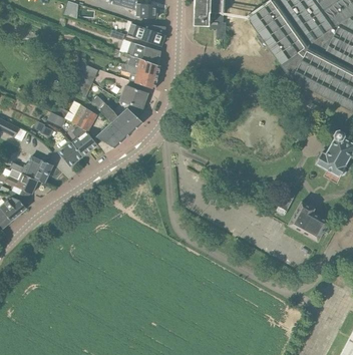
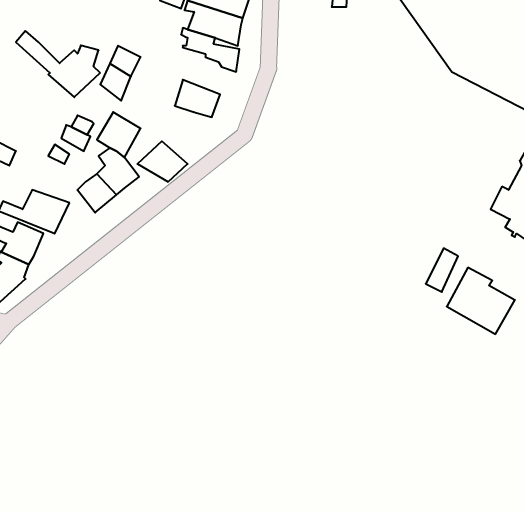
building: [121,64,156,89] -> none
building: [90,95,142,136] -> [16,31,100,97]

